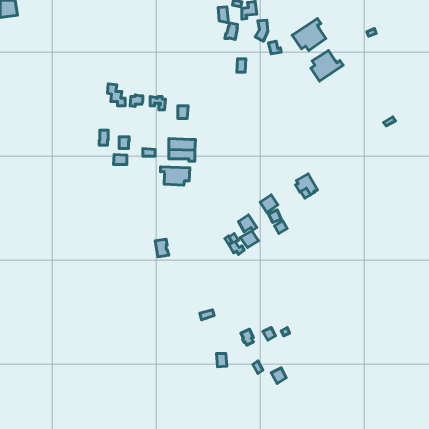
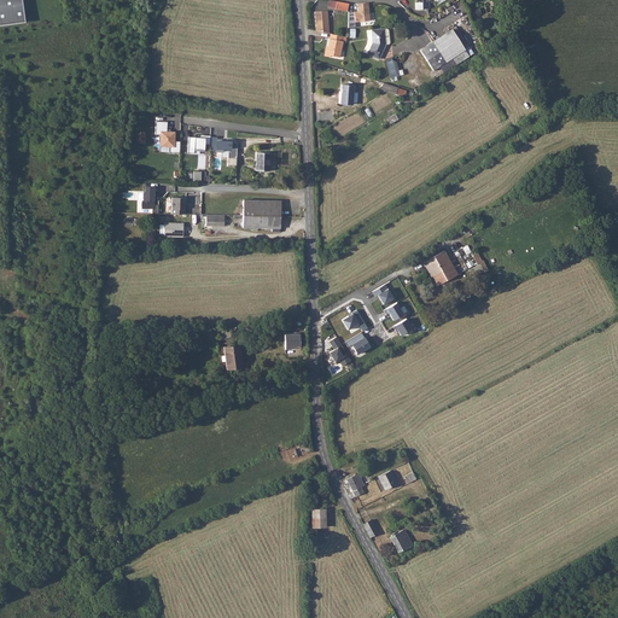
building: [311,50,343,81] -> none
building: [160,167,190,185] -> none

